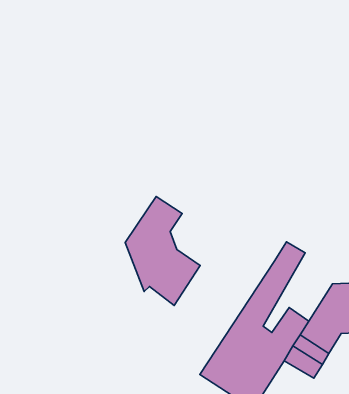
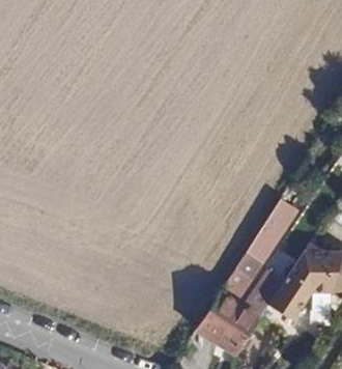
building: [125,196,200,306] -> none

